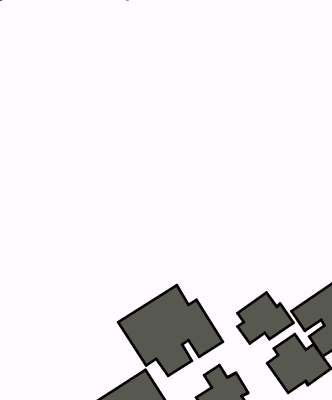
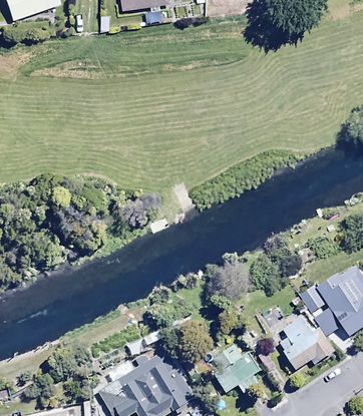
building: [118,285,223,376] -> none
building: [237,293,293,343] -> none

